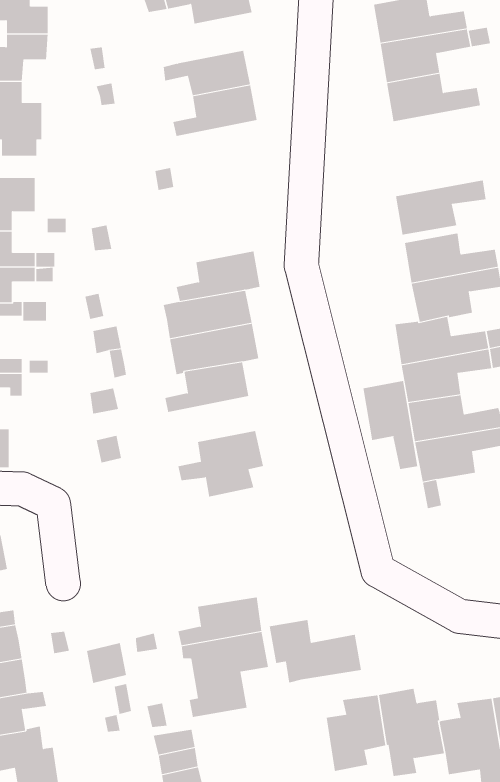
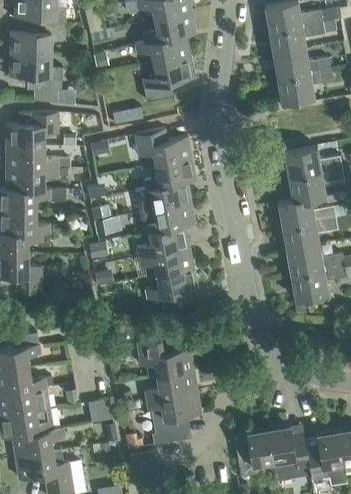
building: none -> [143,12,196,43]
building: [395,180,487,235] -> [277,69,333,103]
building: none -> [135,129,192,165]
building: [363,380,418,470] -> none
building: none -> [139,247,193,275]
building: [269,620,362,683] -> [137,339,194,378]

